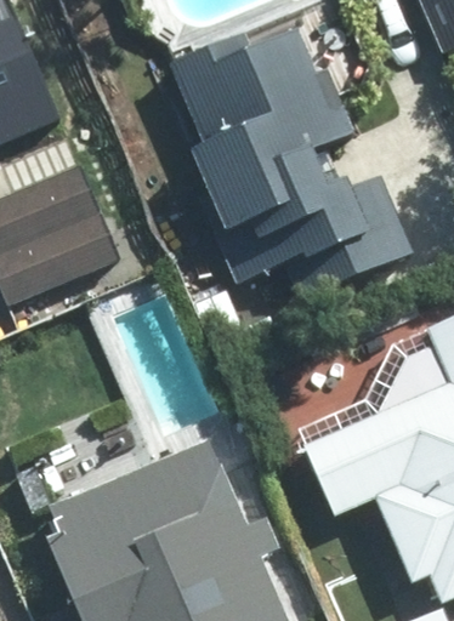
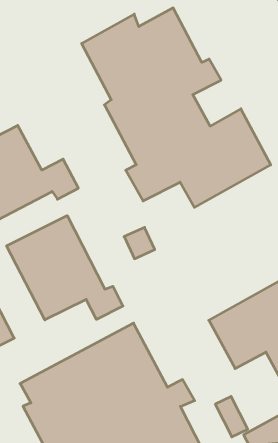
building: none -> [7,216,123,320]

